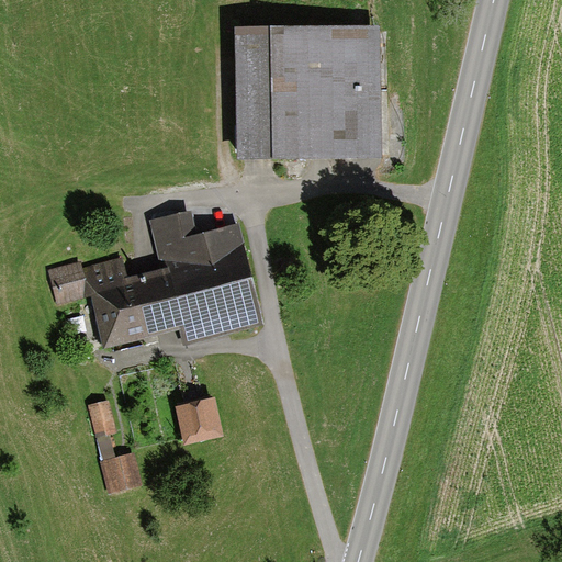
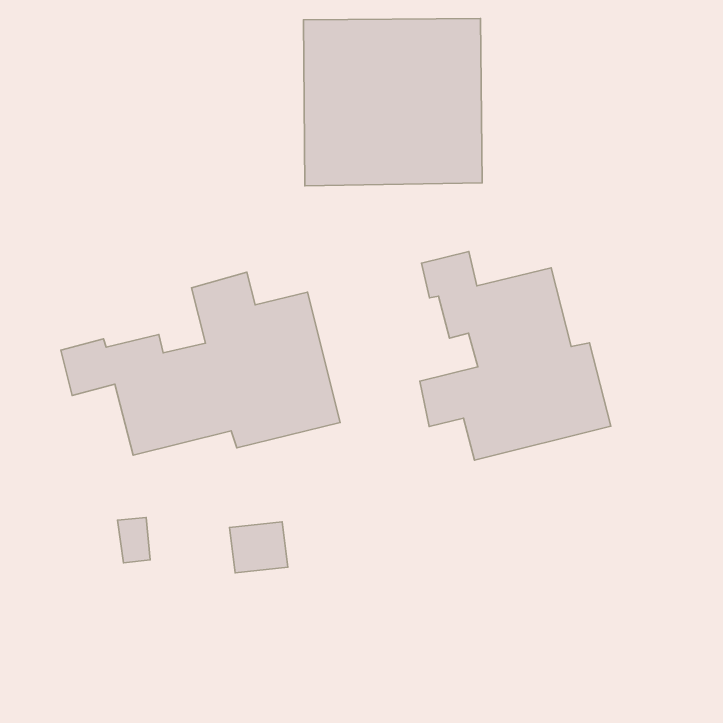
building: none -> [420,251,611,460]
building: [102,453,144,494] -> none

